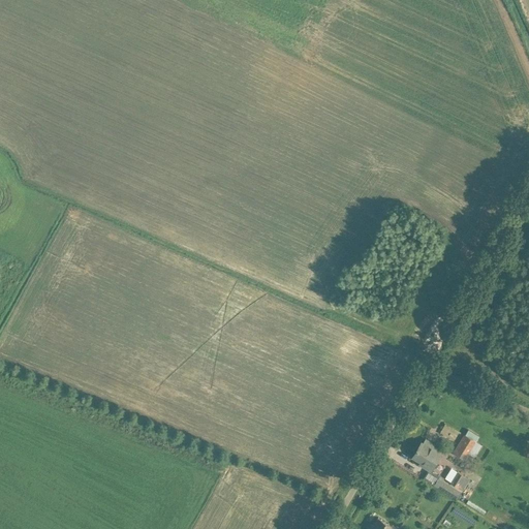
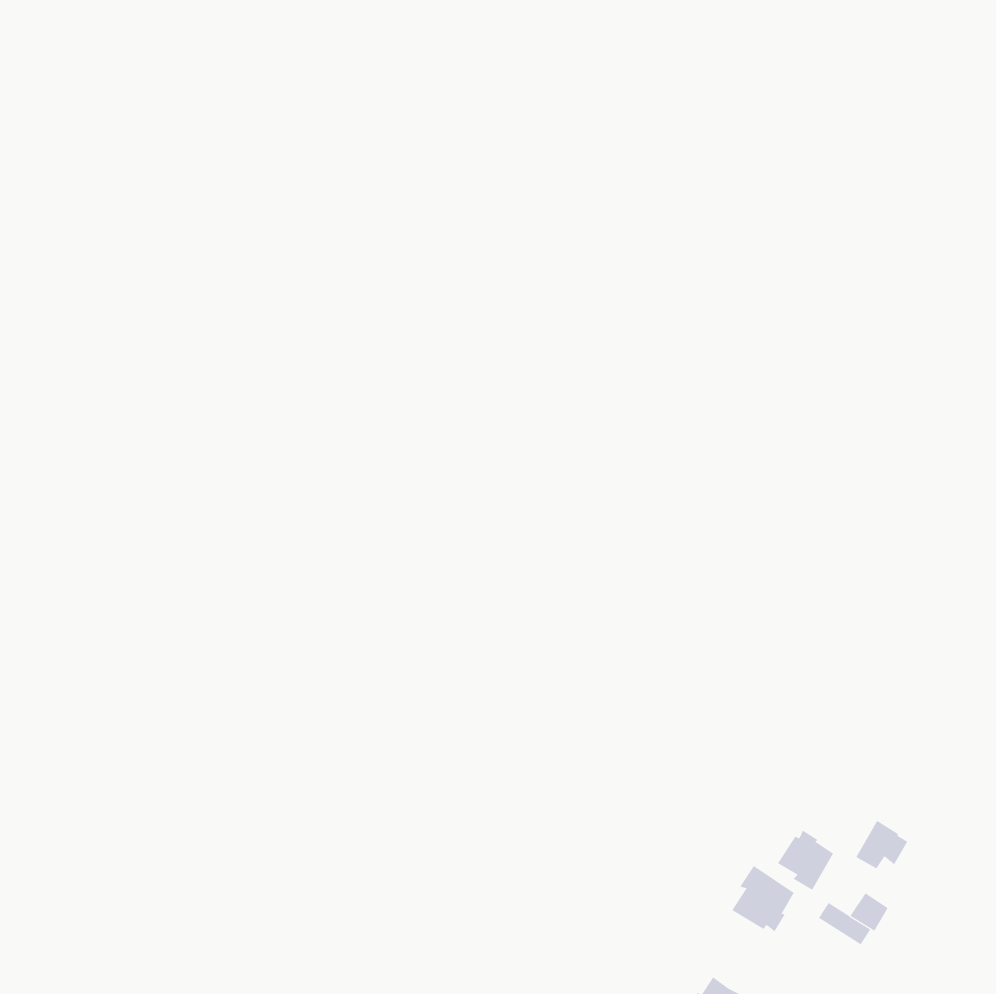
building: none -> [732,865,795,932]

